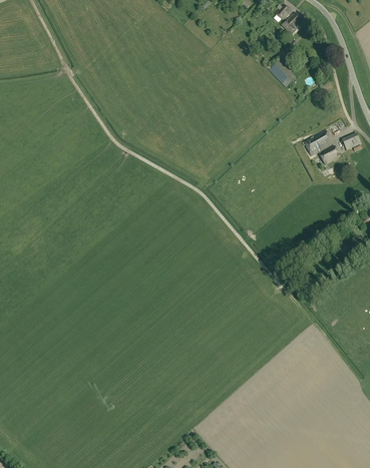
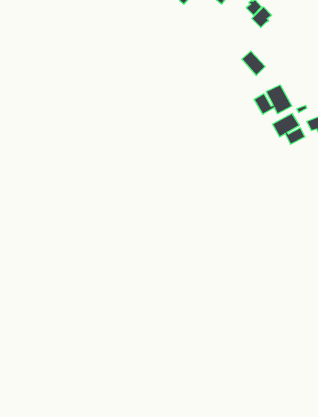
building: none -> [254,85,292,114]

